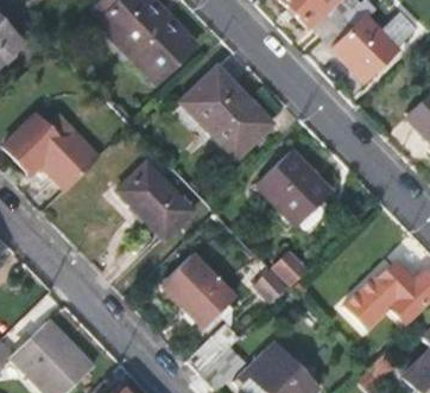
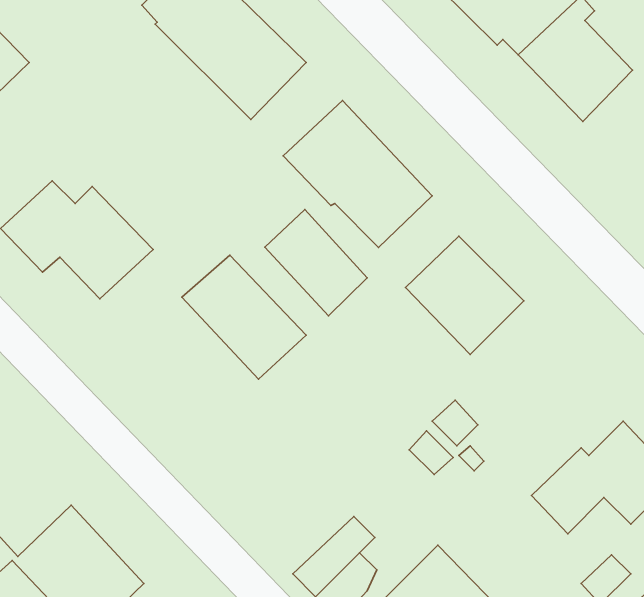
building: none -> [265,209,367,316]
building: [160,253,234,327] -> none

